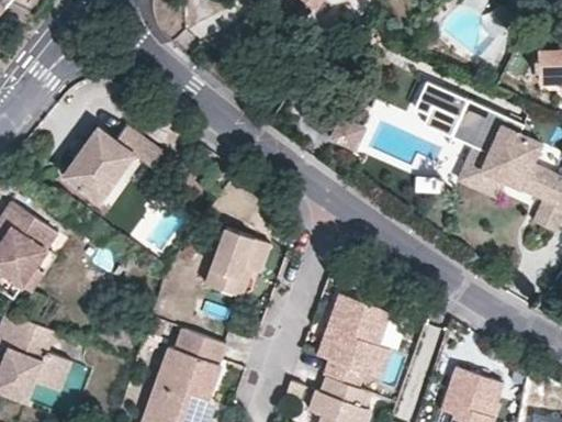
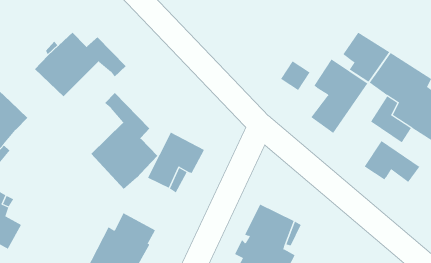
building: none -> [311,59,368,134]
building: none -> [90,92,158,190]
building: none -> [364,140,420,183]

